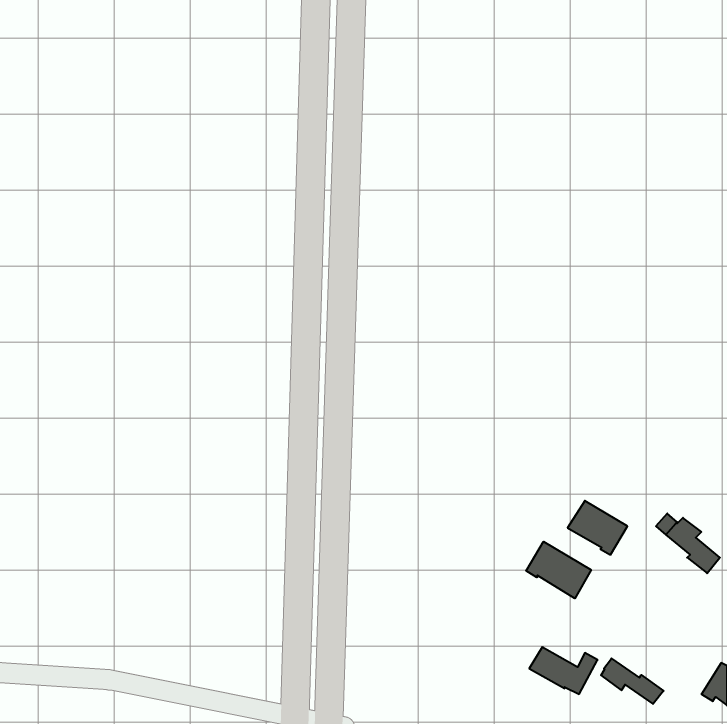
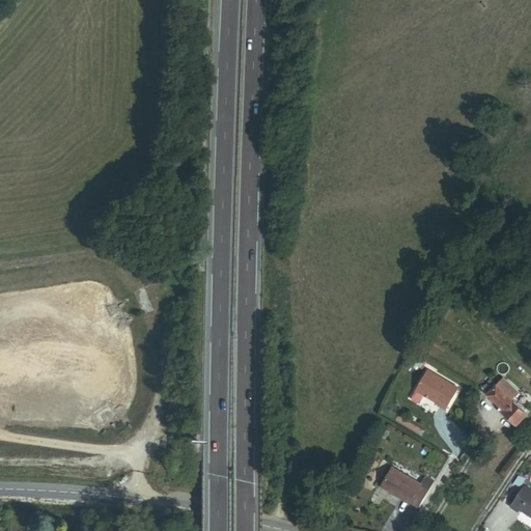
building: [526,542,591,598] -> none
building: [601,658,664,704] -> none

